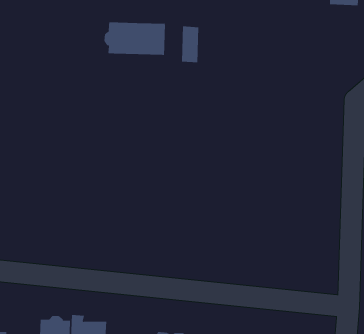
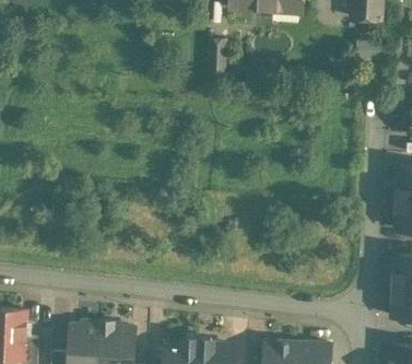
building: [102,22,165,56] -> none

